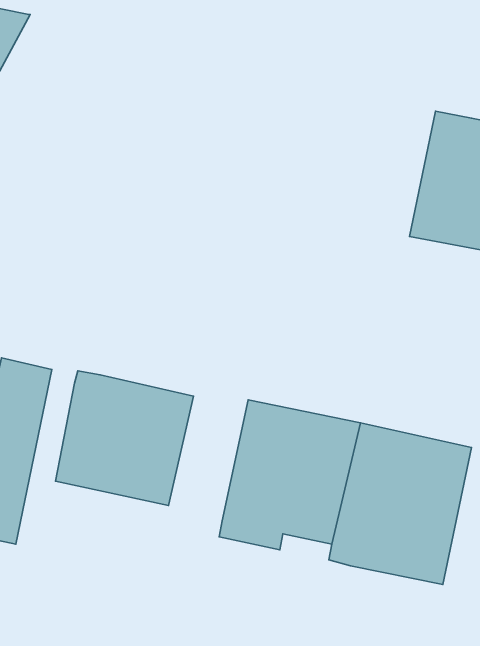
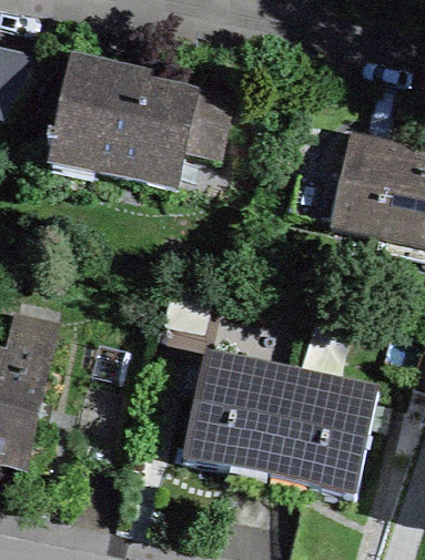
building: none -> [52,63,231,187]
building: [56,371,193,505] -> none

